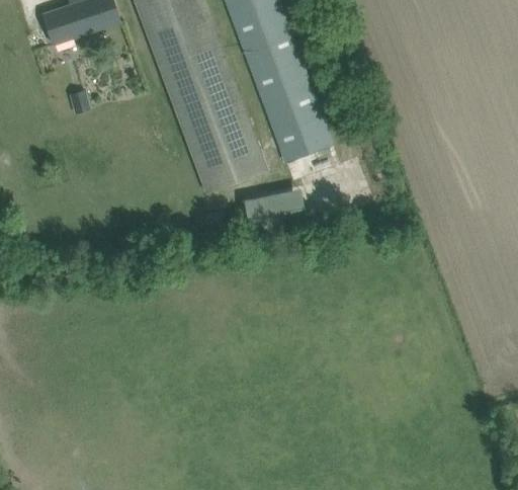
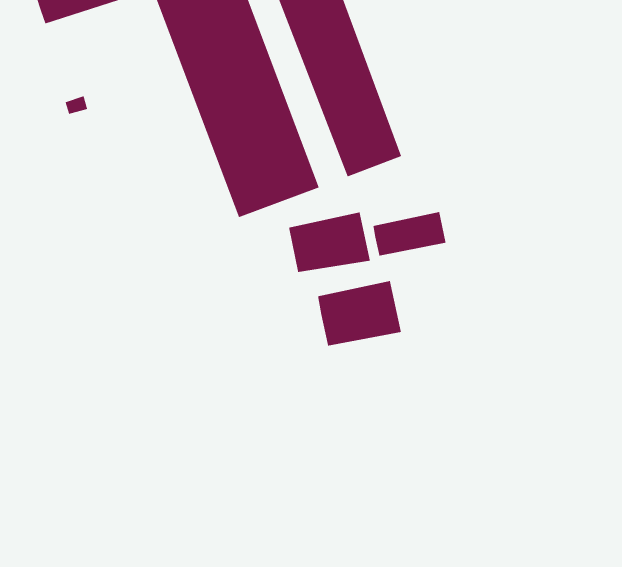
building: none -> [372,211,447,257]
building: none -> [317,280,402,347]

